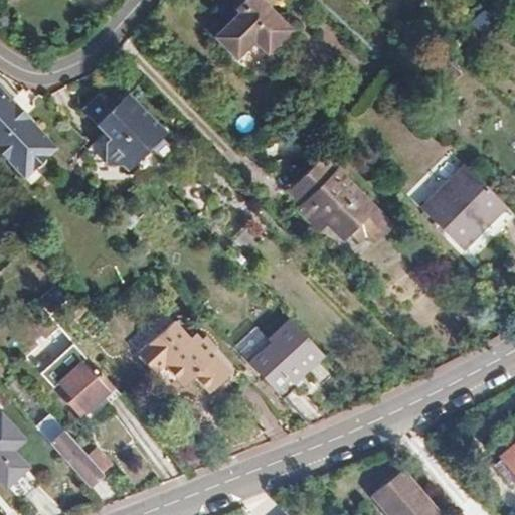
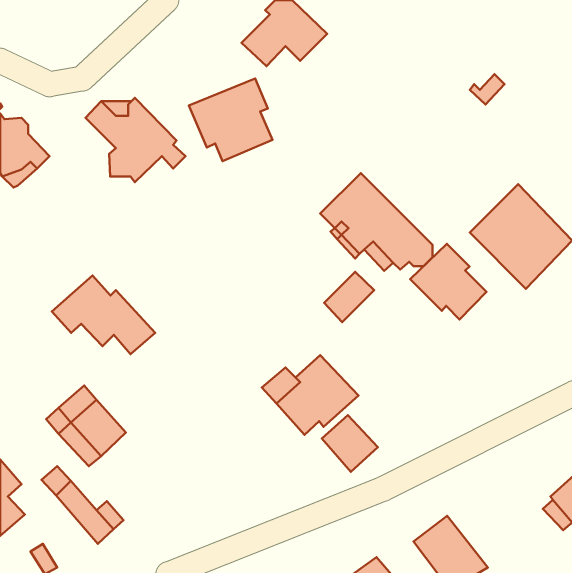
building: none -> [189,78,272,161]
building: none -> [410,244,487,319]
building: none -> [324,272,374,322]
building: [139,322,231,392] -> [52,275,155,354]
building: none -> [322,415,378,472]

